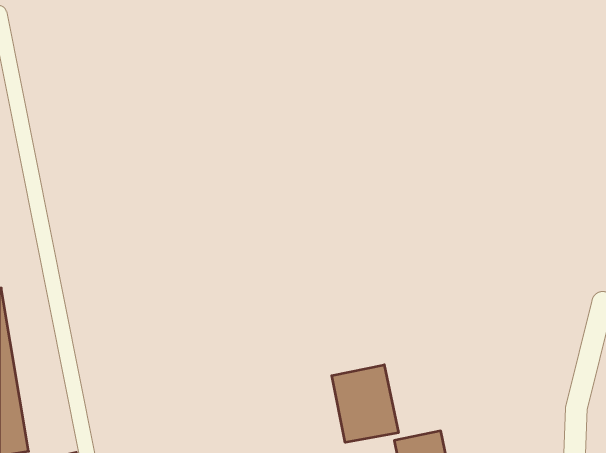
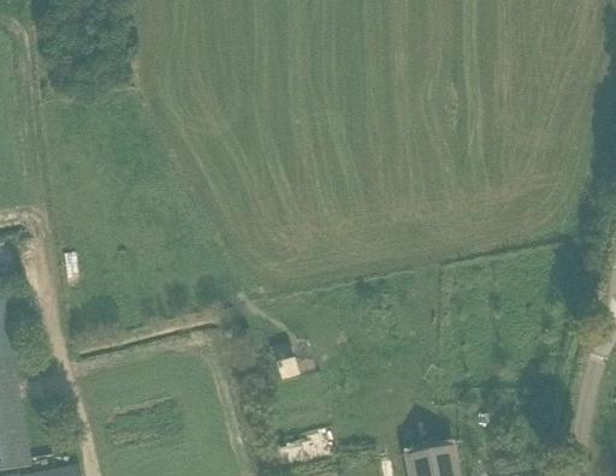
building: [332,365,398,442] -> none

